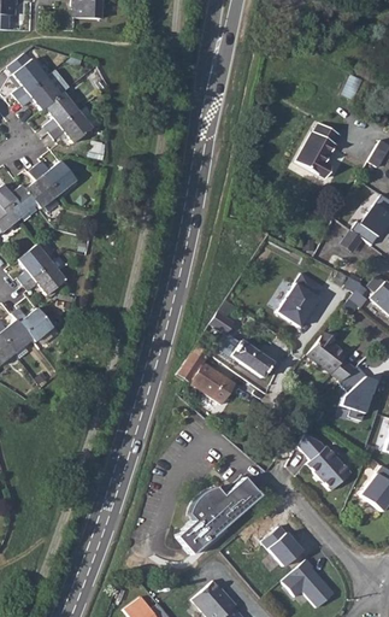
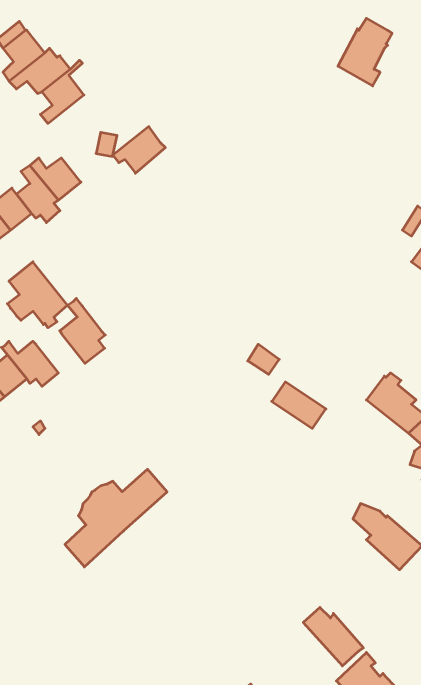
building: [51,110,93,147] -> [113,127,165,173]
building: [297,122,341,176] -> [338,18,392,86]
building: none -> [60,298,105,363]
building: [281,274,328,328] -> none
building: [177,343,235,402] -> none
building: [178,475,260,553] -> [65,469,167,567]

